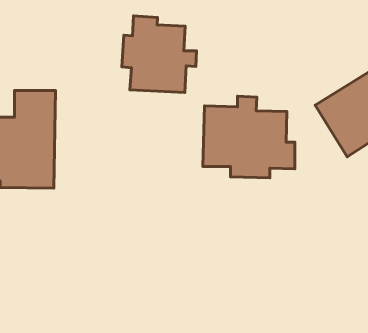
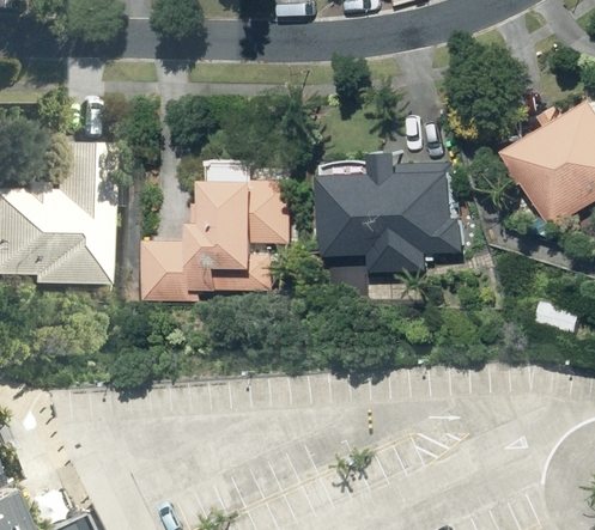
building: [122,16,196,92] -> none
building: none -> [141,156,293,301]

